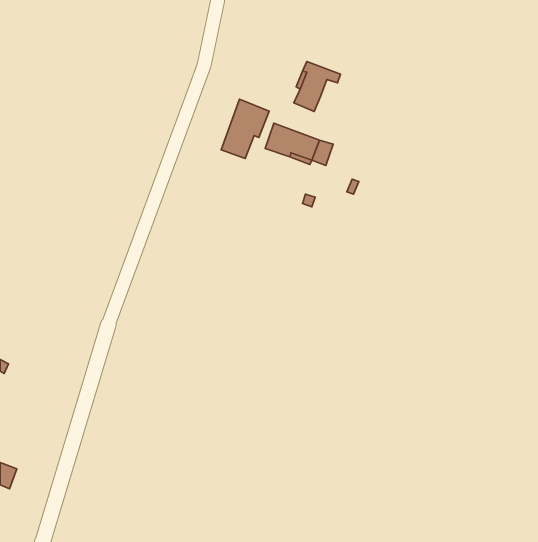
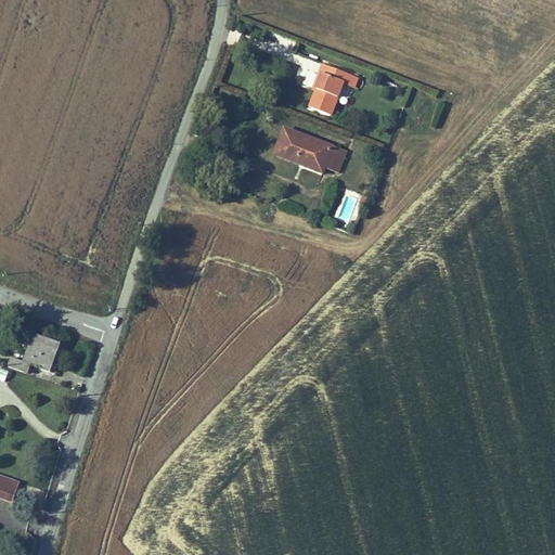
building: [221,99,269,159] -> none
building: none -> [13,336,64,374]

